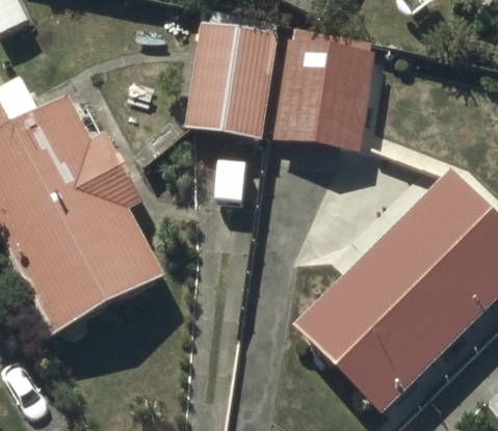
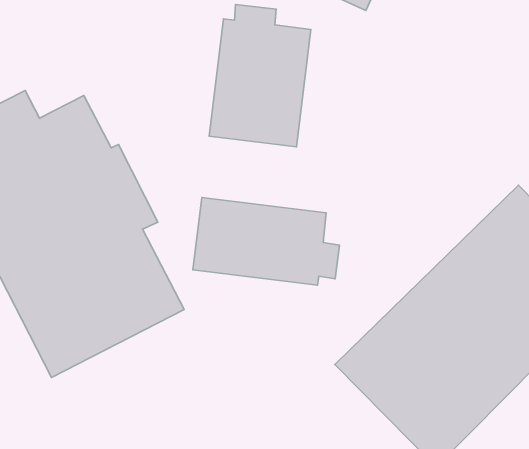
building: [276,34,369,143] -> none
building: none -> [193,197,339,285]

